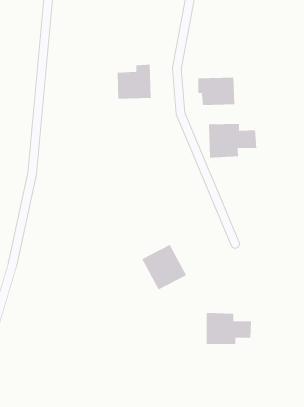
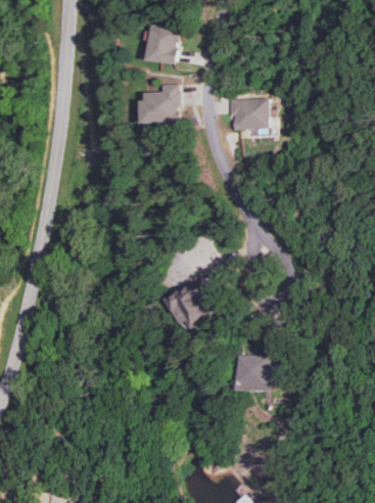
building: none -> [145,25,178,63]
building: [208,123,257,159] -> none

